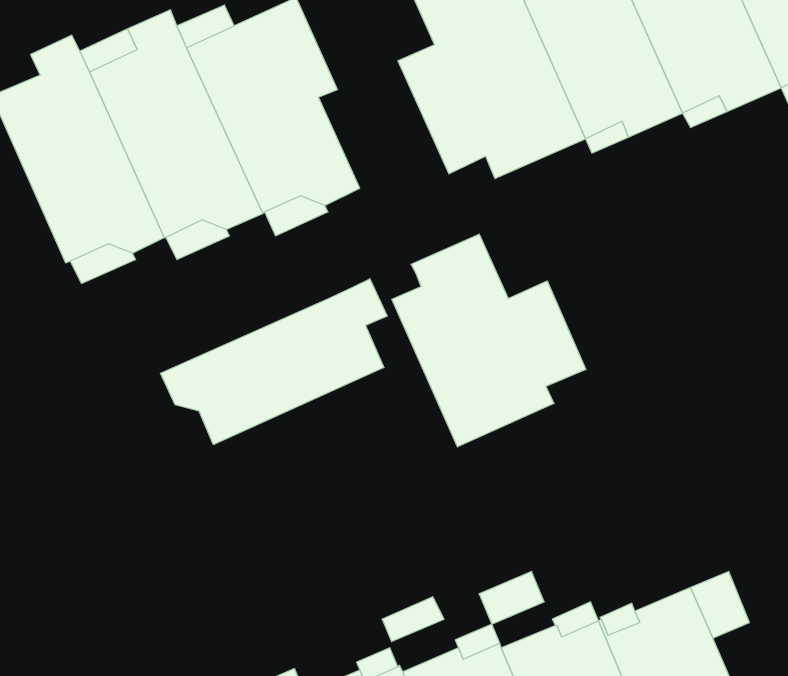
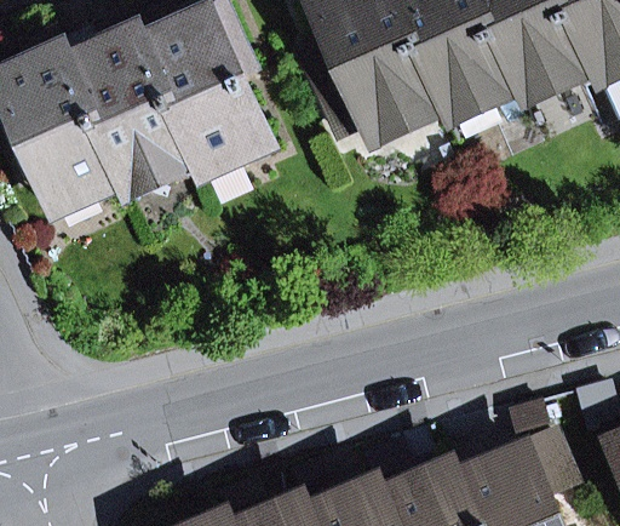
building: [392,234,586,447] -> none
building: [160,279,387,445] -> none

